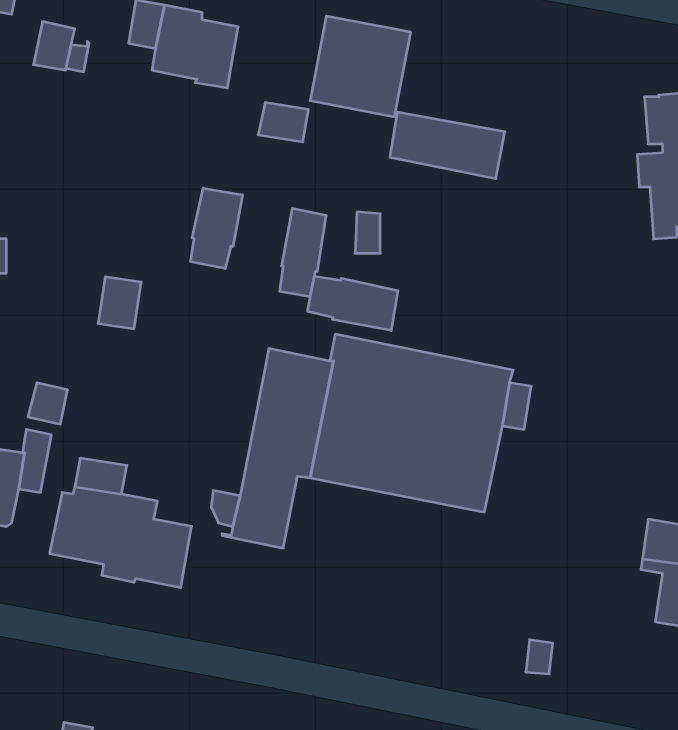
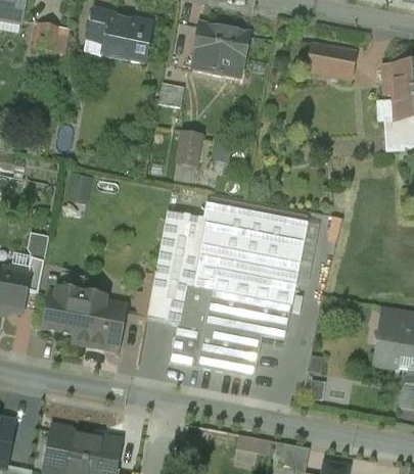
building: [390,112,505,179] -> [289,39,355,77]
building: [191,188,242,269] -> none
building: [308,276,398,331] -> none
building: none -> [169,282,290,376]

